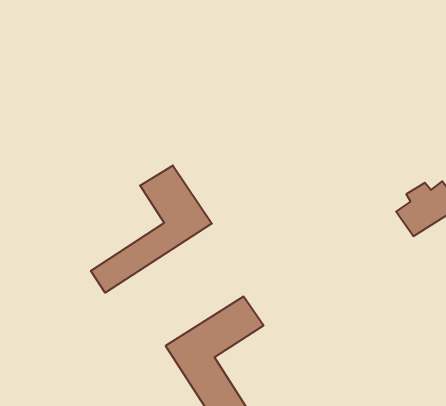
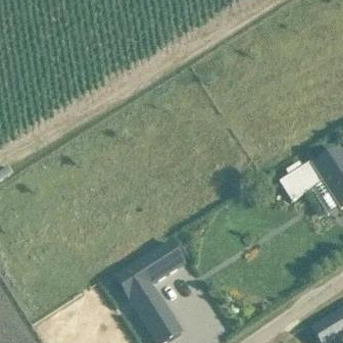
building: [91,165,212,293] -> none

